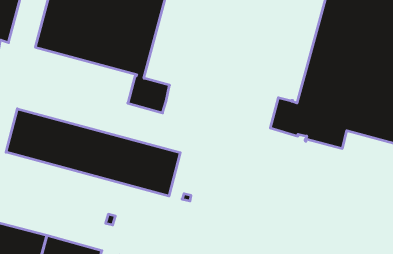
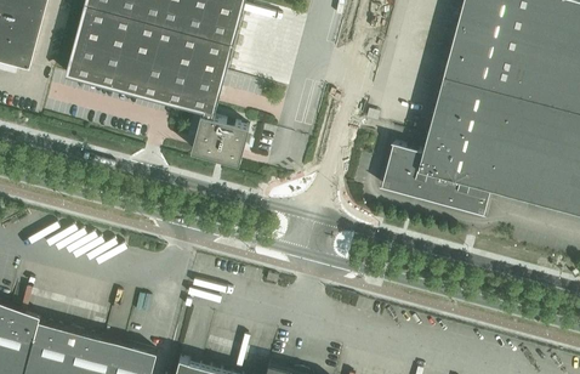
building: [6,109,180,196] -> none

